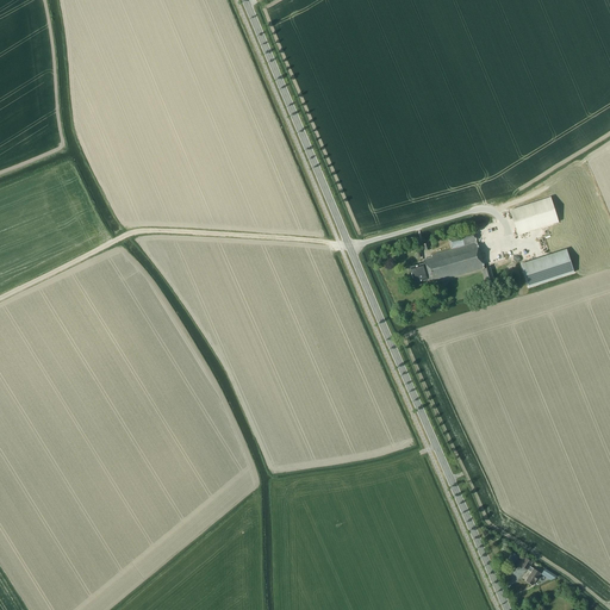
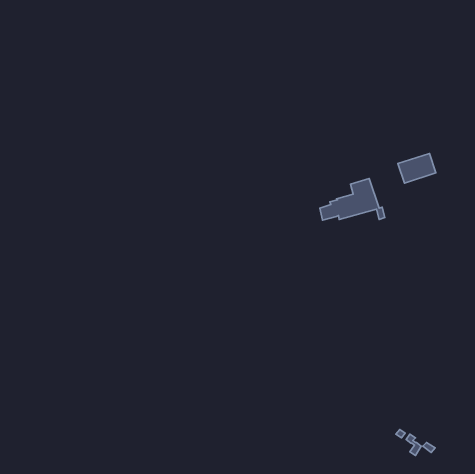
building: [521,248,574,286] -> none

